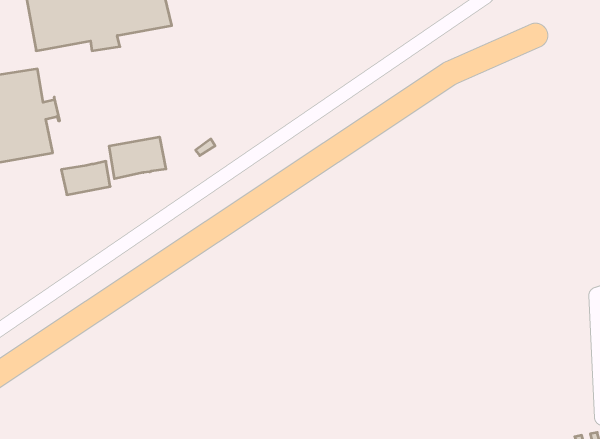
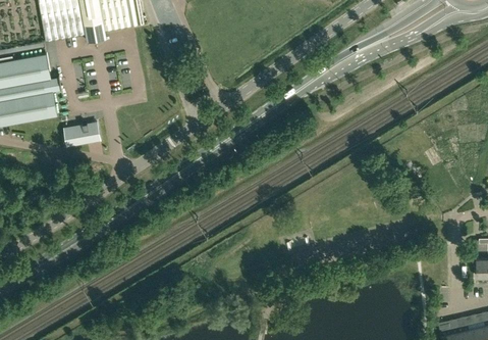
building: [109,137,166,179] -> none

